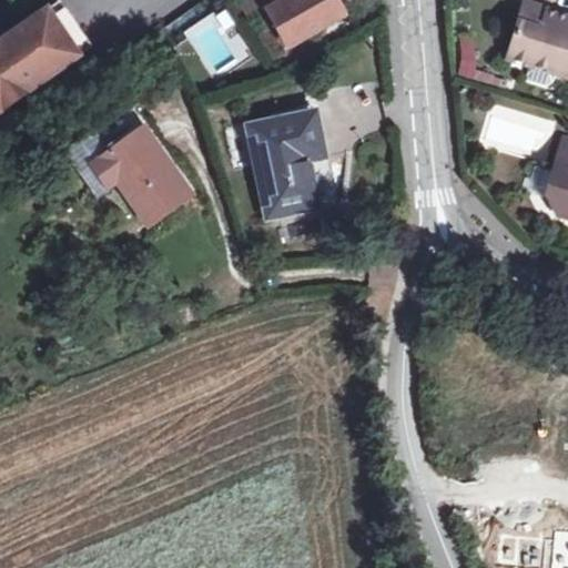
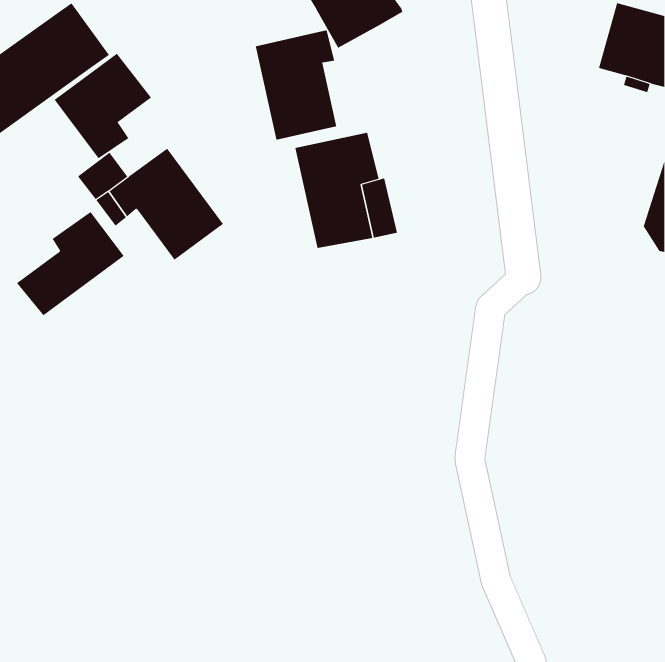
building: none -> [255,29,337,141]
building: none -> [54,53,152,159]
building: none -> [16,211,125,316]

